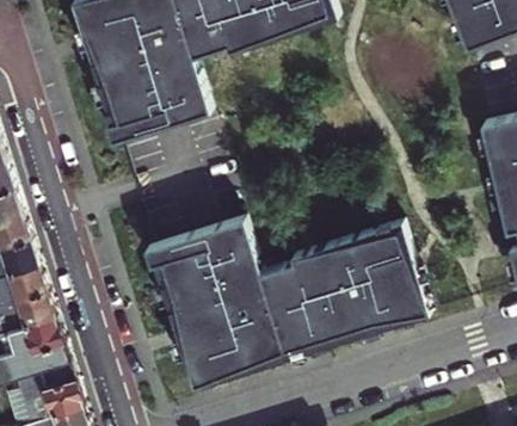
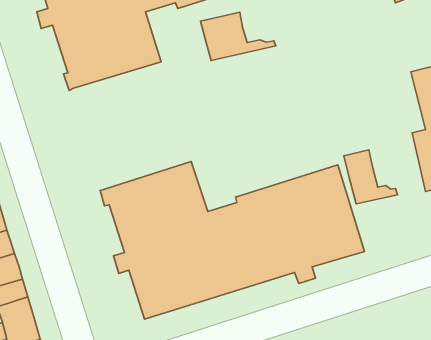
building: none -> [200,12,276,61]
building: none -> [344,150,397,204]

